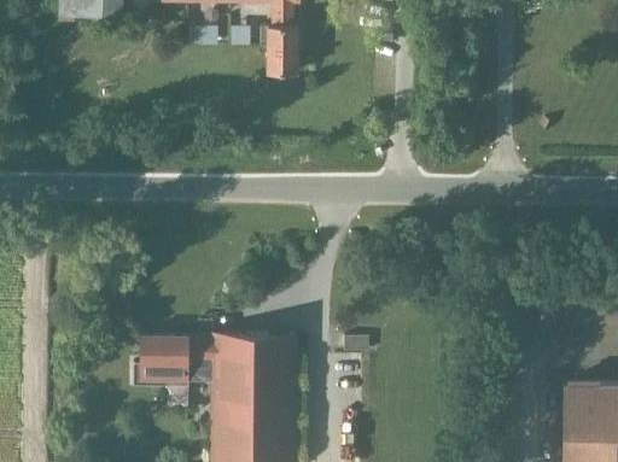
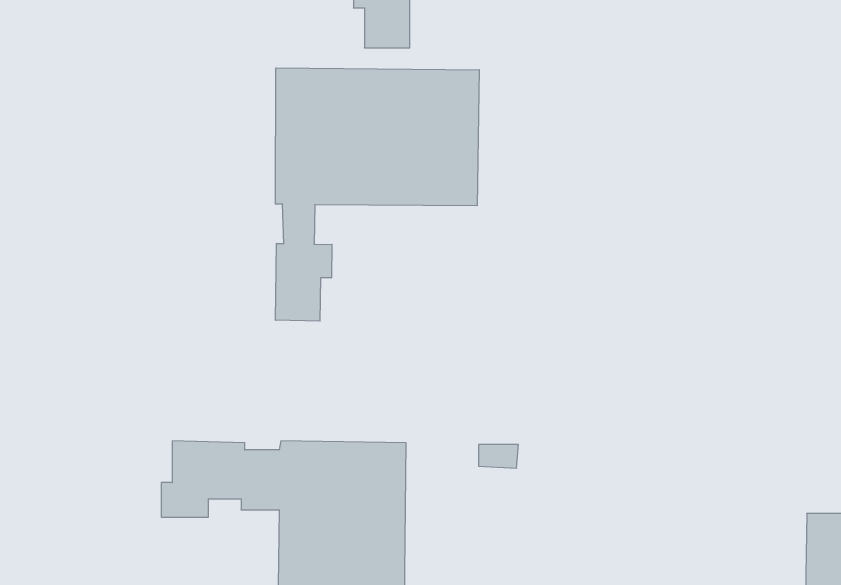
building: none -> [275,68,479,321]

